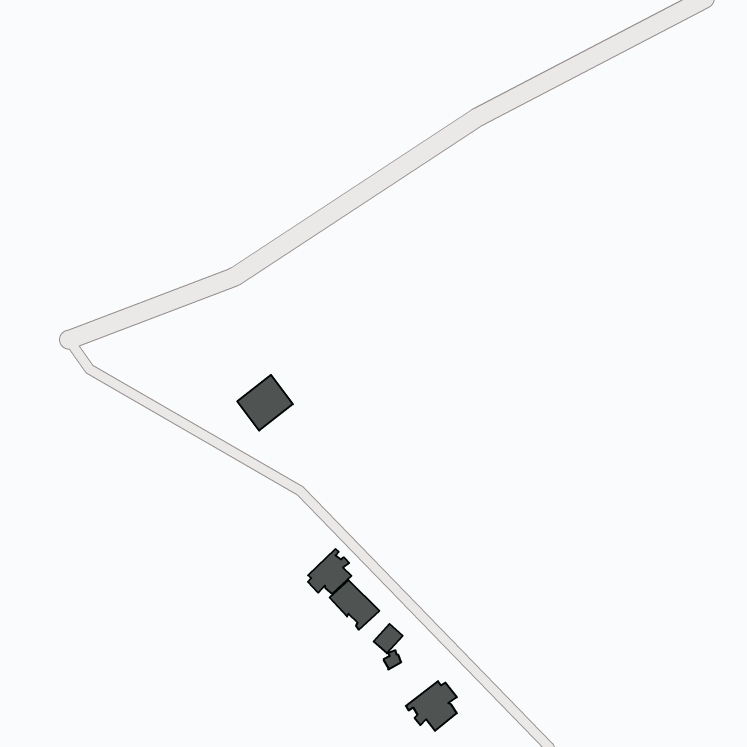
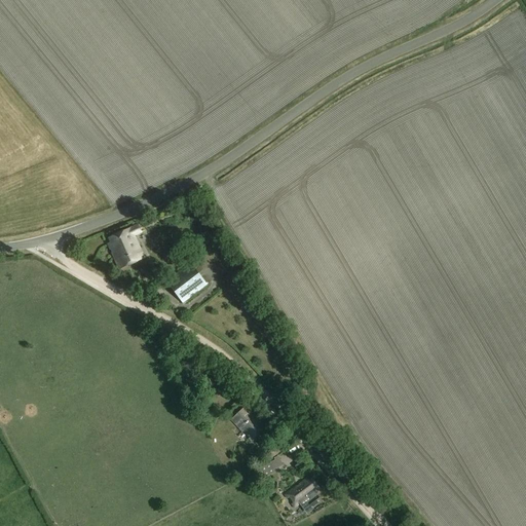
building: none -> [107,226,143,269]
building: [308,549,351,594] -> none

